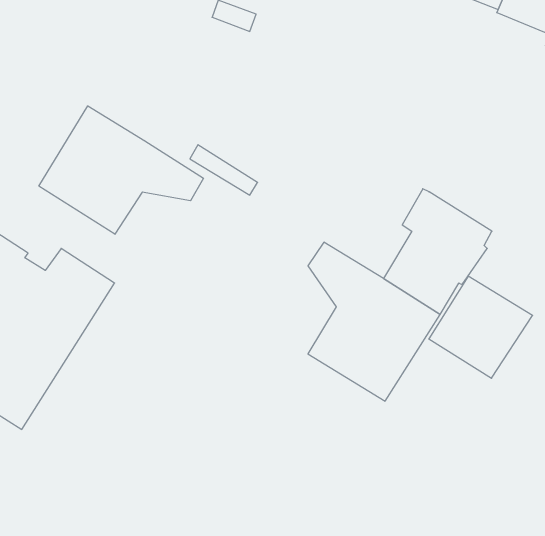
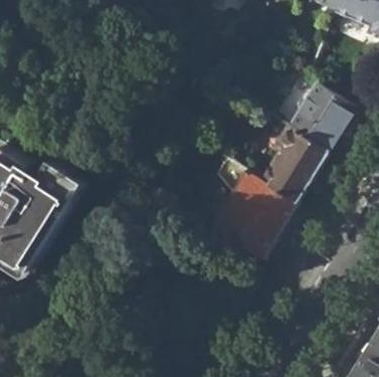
building: [39,106,203,234] -> none
building: [429,276,533,378] -> [287,85,353,151]

